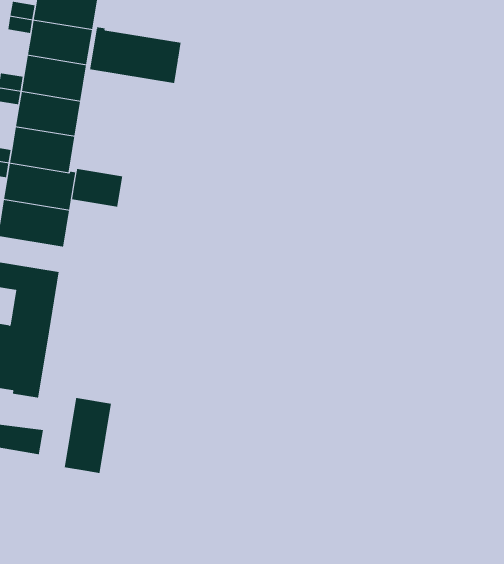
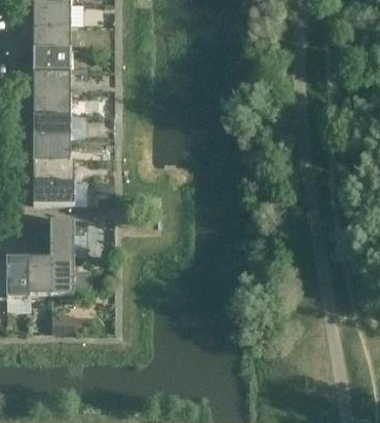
building: [90,26,181,84] -> none
building: [71,168,123,208] -> none
building: [64,397,112,474] -> none

